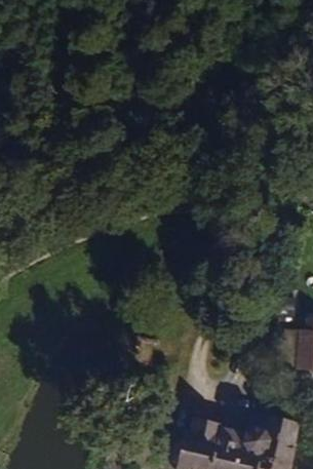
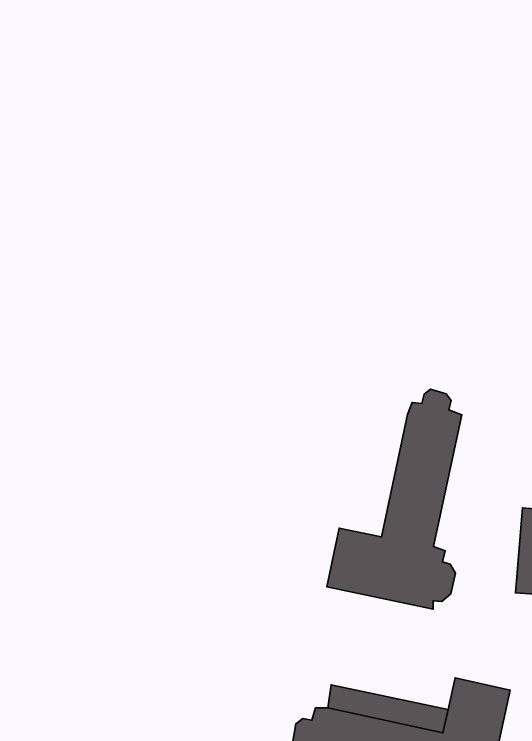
building: none -> [327,389,462,609]

